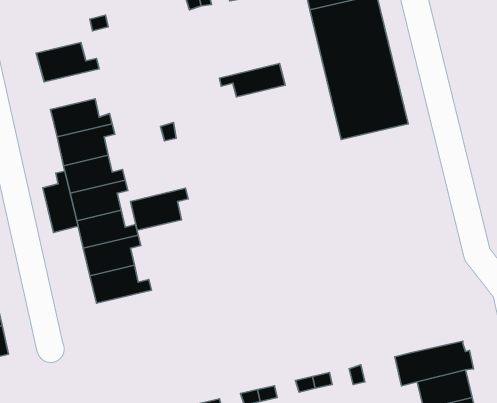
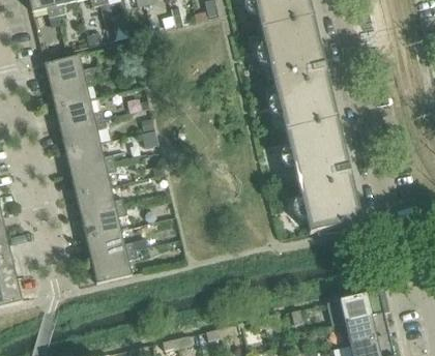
building: [219,63,285,97] -> none
building: none -> [50,75,95,107]
building: none -> [285,118,361,233]
building: [43,171,78,232] -> none
building: [131,188,188,230] -> [91,249,137,283]

